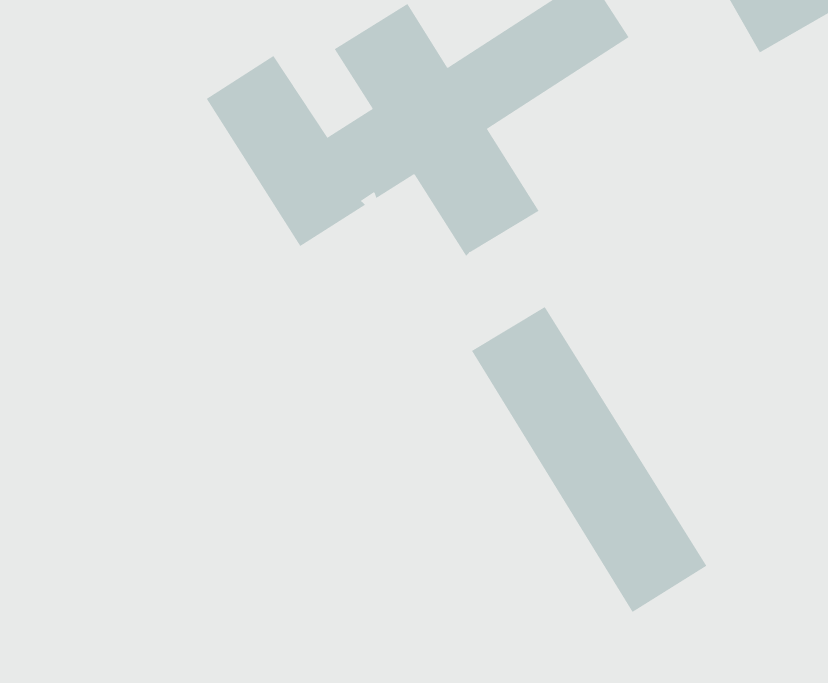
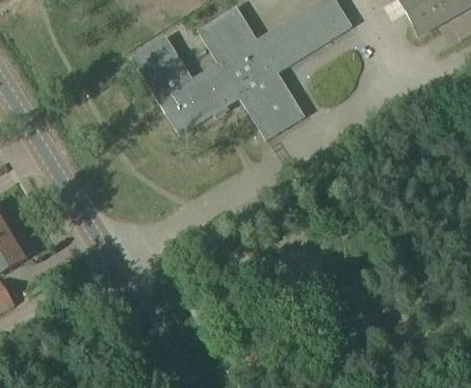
building: [471,306,707,613] -> none

